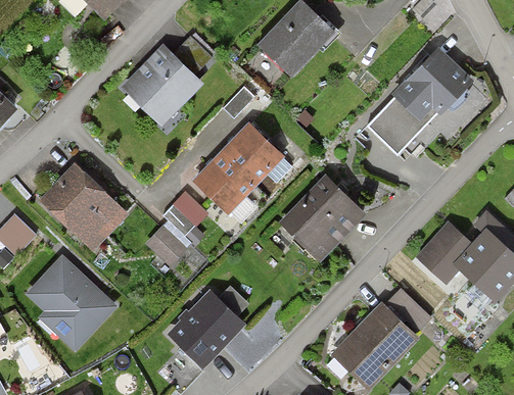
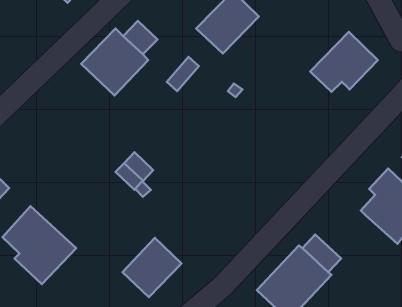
building: [368,98,438,155] -> none
building: [194,124,283,213] -> none
building: [41,164,124,247] -> none
building: [282,178,363,259] -> none
building: [415,220,472,284] -> none
building: [145,226,187,266] -> none

